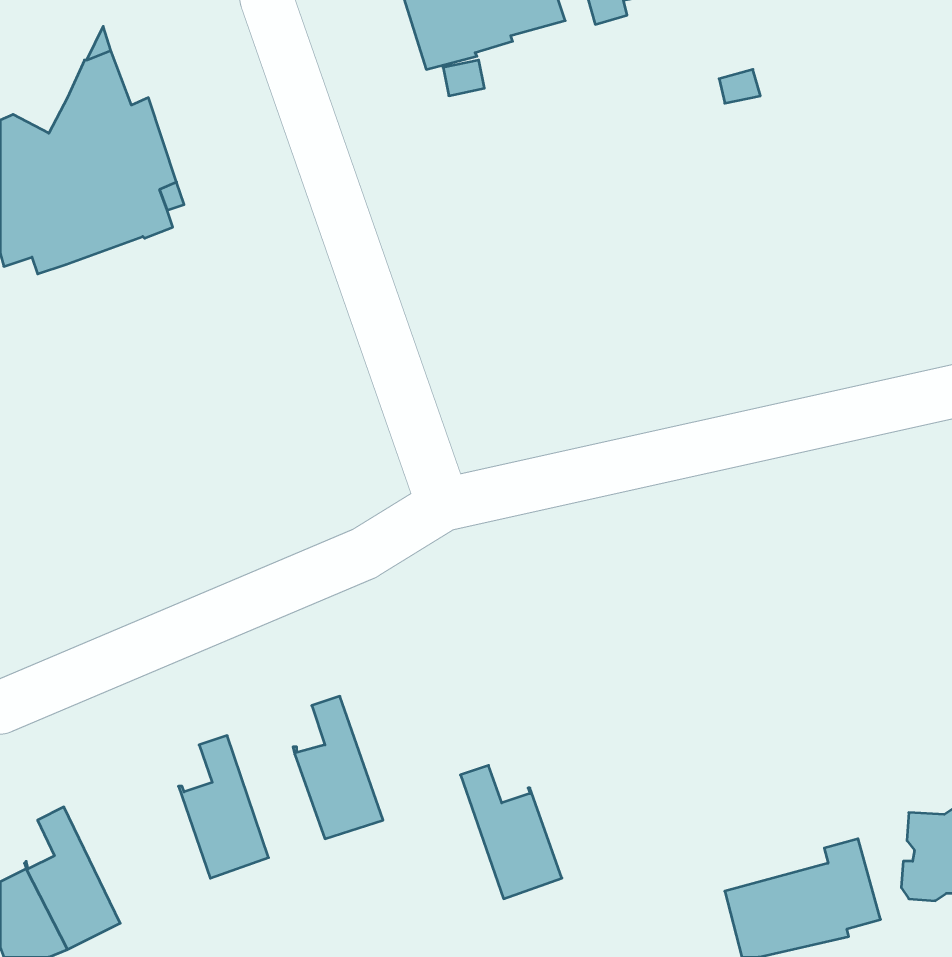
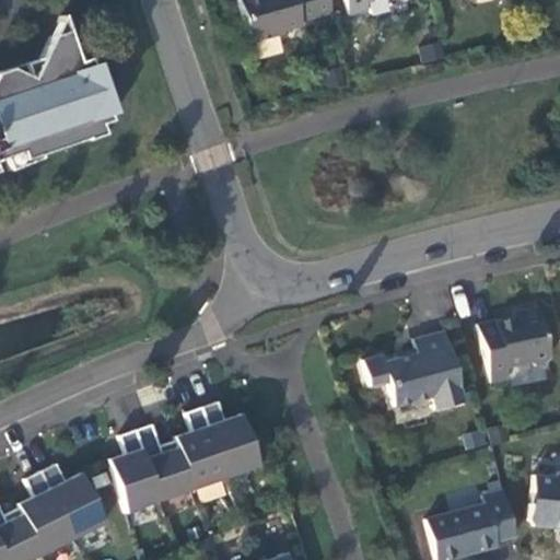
building: none -> [479,306,552,382]
building: none -> [364,329,465,408]
building: none -> [137,423,194,500]
building: [460,765,562,899] -> [202,400,261,478]
building: none -> [42,463,107,538]

